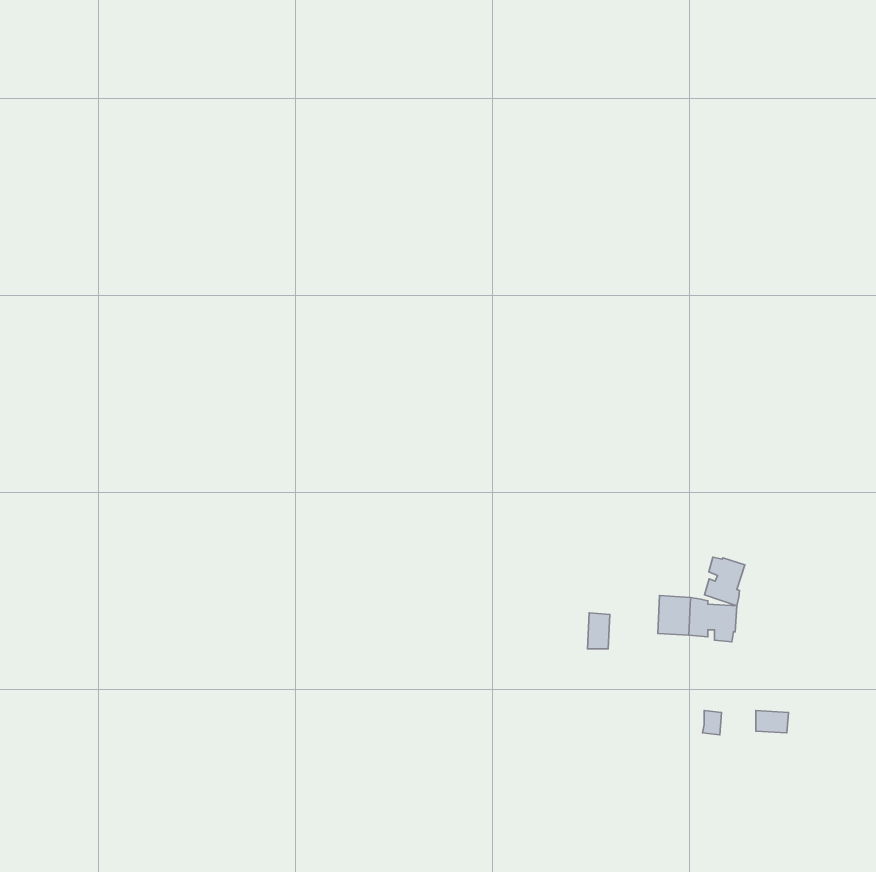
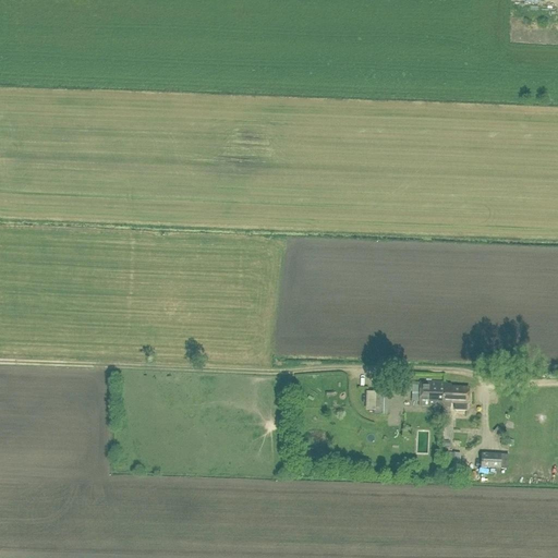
building: [705,557,745,606] -> none

